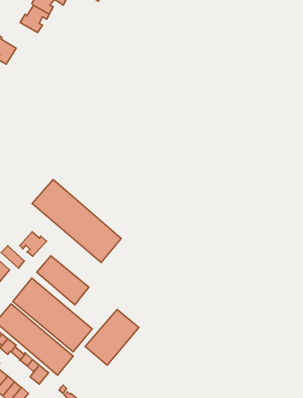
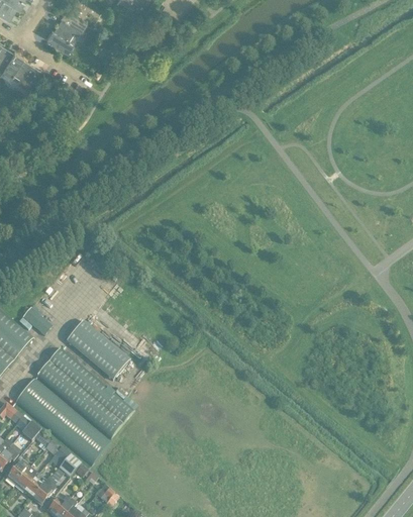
building: [32,180,121,262] -> none
building: [20,232,46,256] -> none
building: [85,309,139,365] -> none

